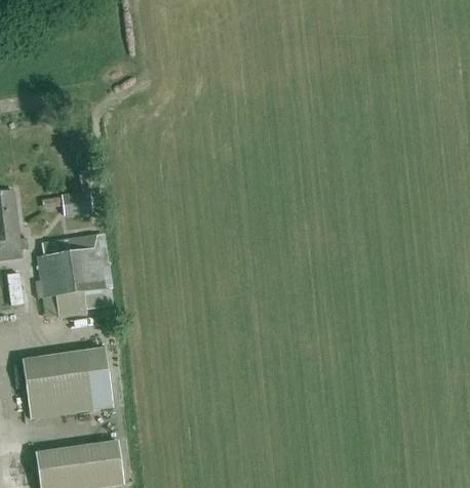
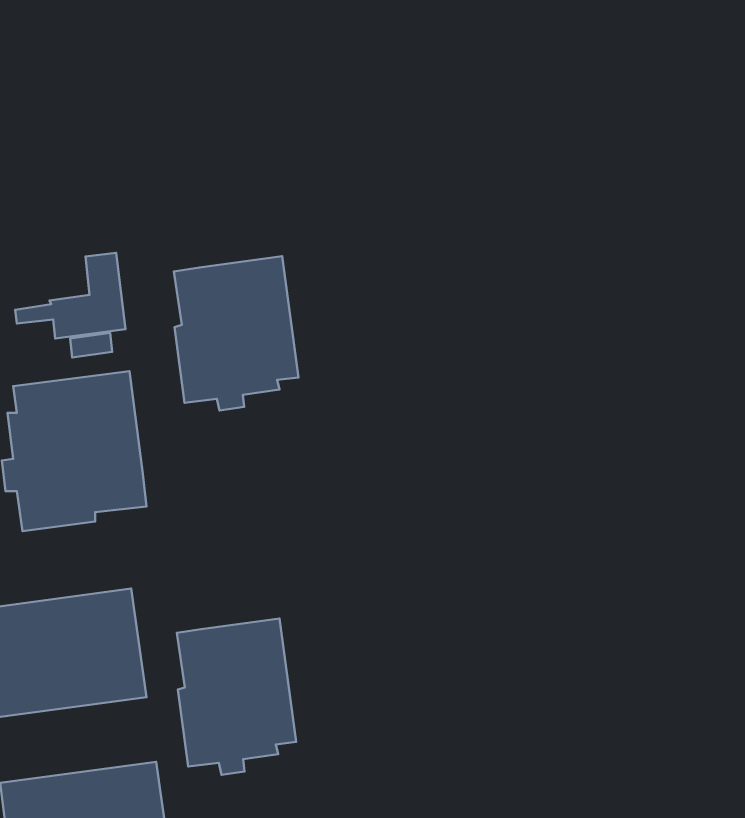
building: none -> [174,256,299,410]
building: none -> [177,618,296,775]

